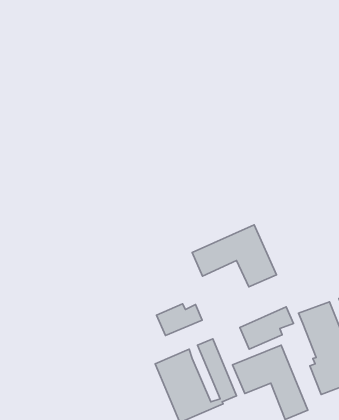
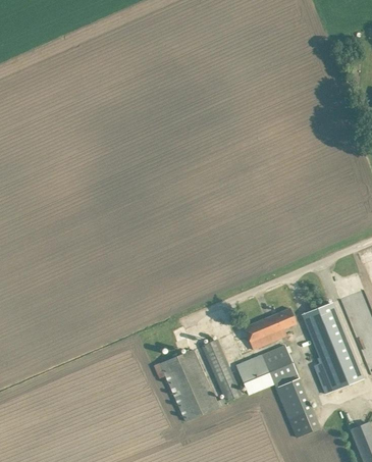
building: [192,225,277,287] -> none
building: [157,304,202,336] -> none

